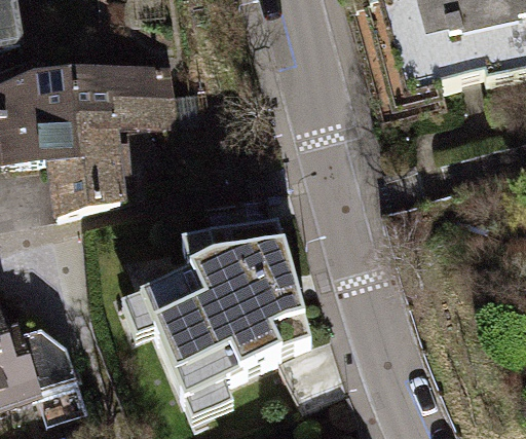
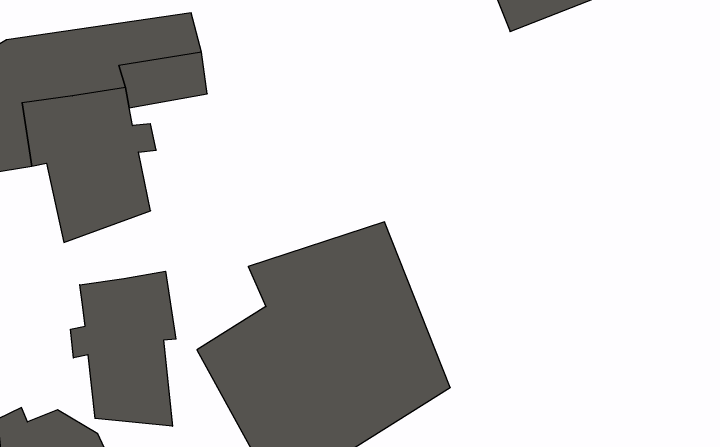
building: none -> [71,271,176,426]

